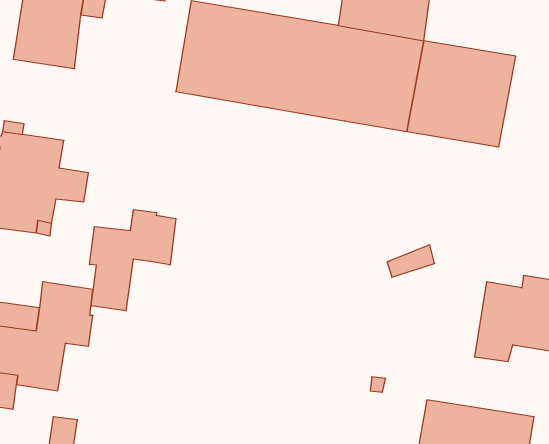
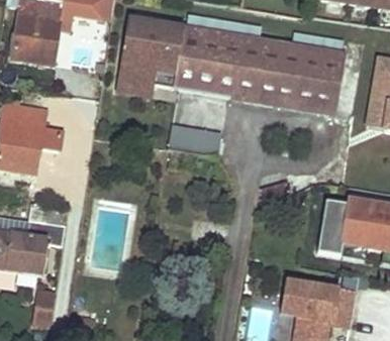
building: none -> [170,121,223,151]
building: [90,210,176,311] -> none

